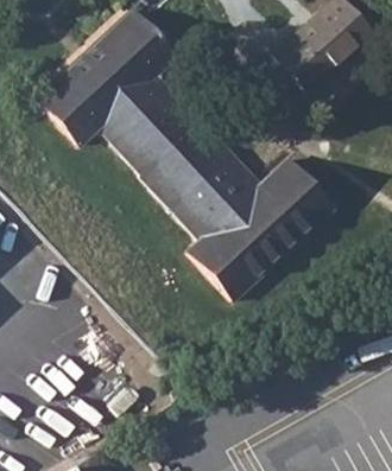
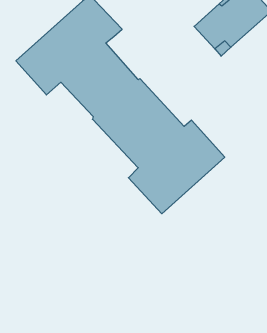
building: [271,160,334,225] -> none

